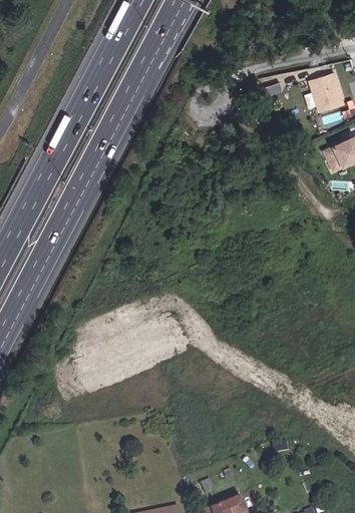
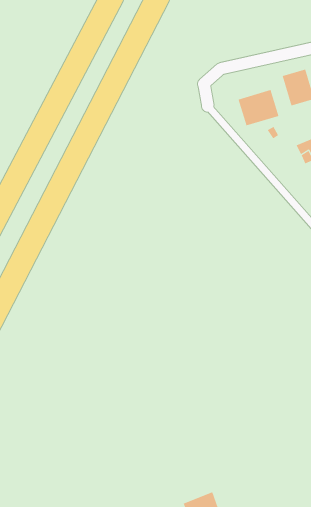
building: none -> [238,89,279,126]

